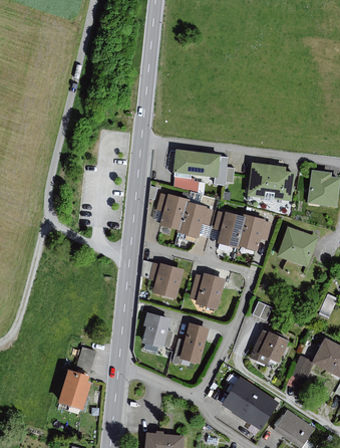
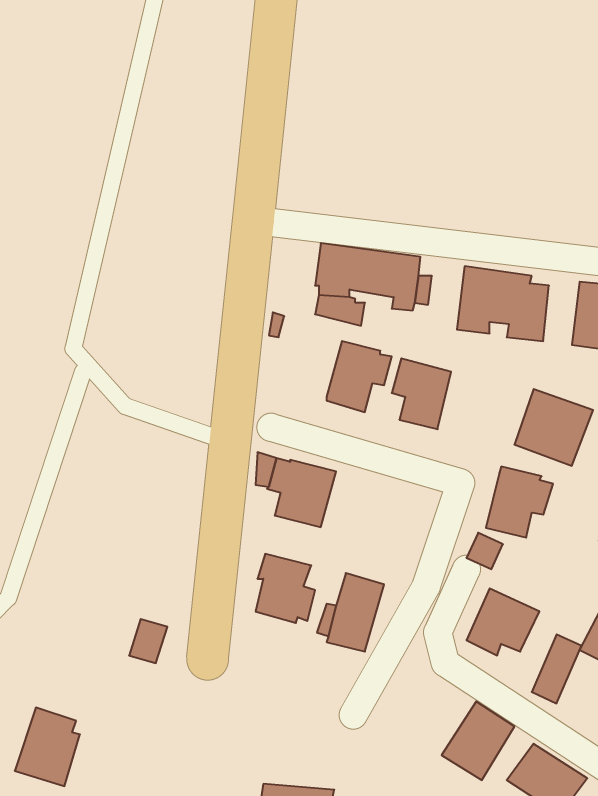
building: [155,192,188,230] -> none
building: [237,214,272,251] -> [486,467,553,538]
building: [189,272,226,309] -> none
building: [57,369,91,410] -> [15,708,80,786]
building: [220,378,257,418] -> none

